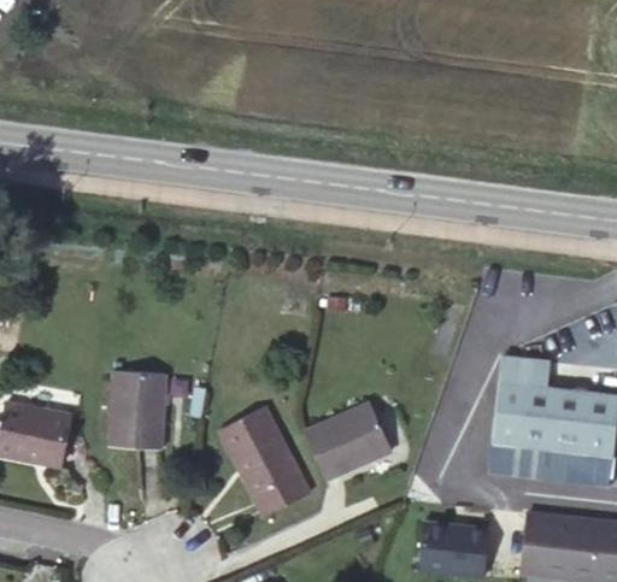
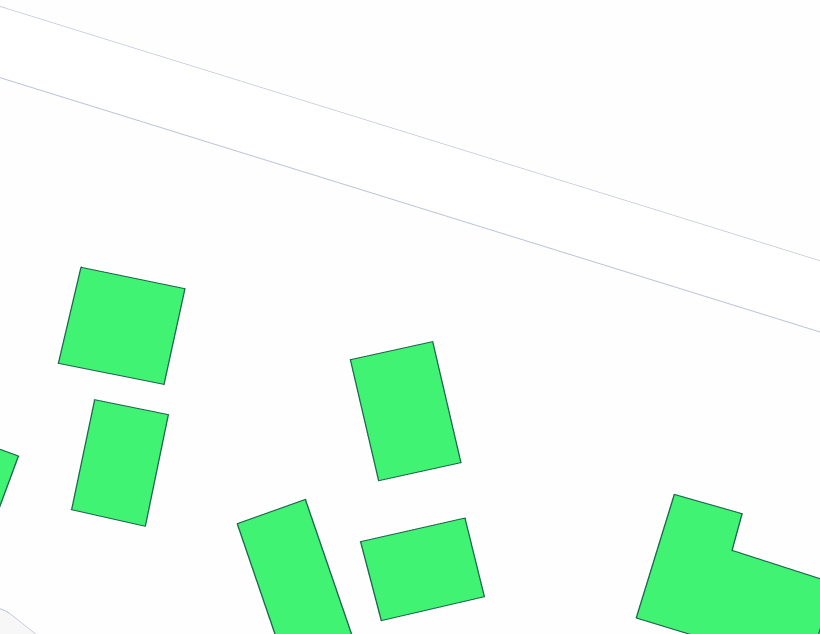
building: none -> [58,267,185,385]
building: none -> [350,342,461,481]

